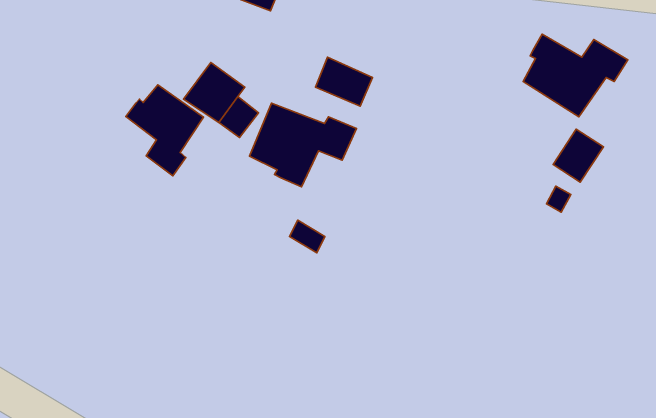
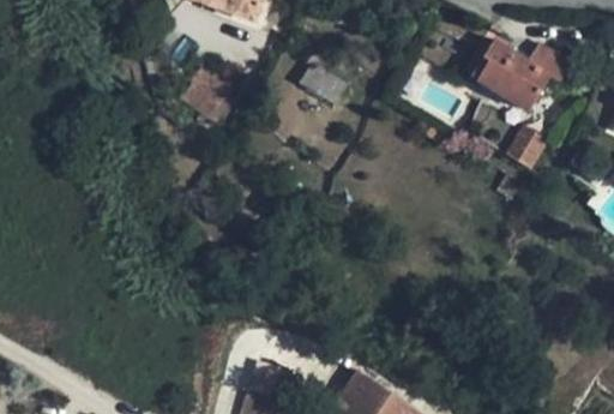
building: [126,85,203,176] -> none
building: [249,103,356,187] -> none

